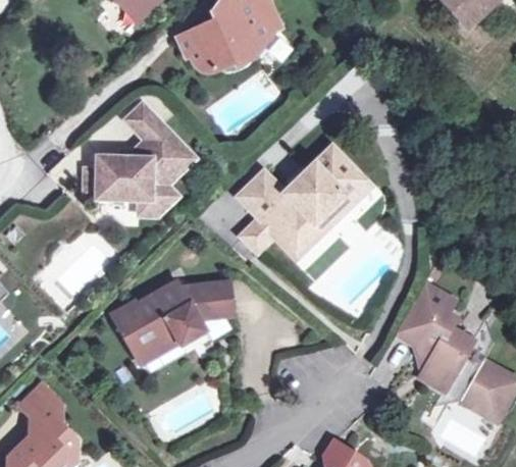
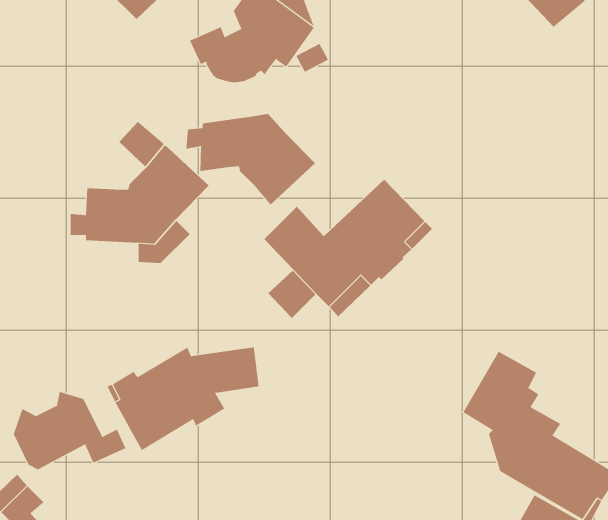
building: none -> [186,113,316,206]
building: none -> [13,391,126,470]

